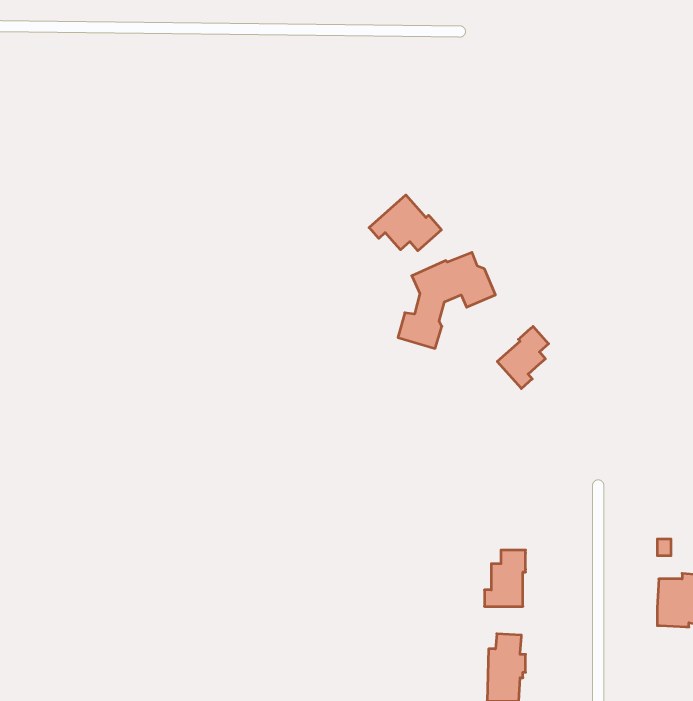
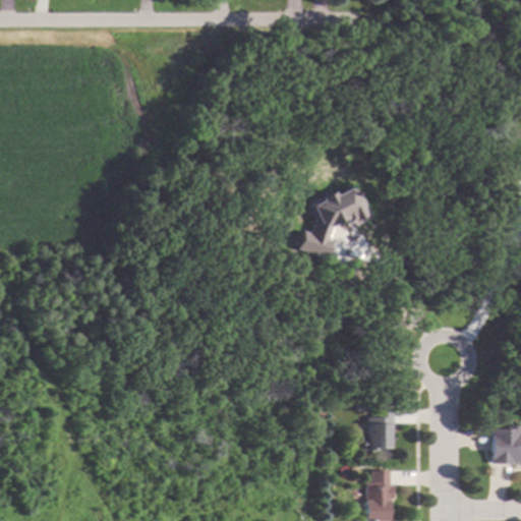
building: [369,195,441,251] -> none
building: [497,326,549,389] -> none

